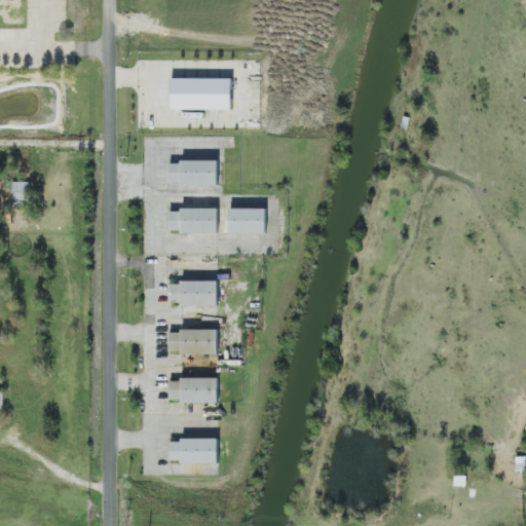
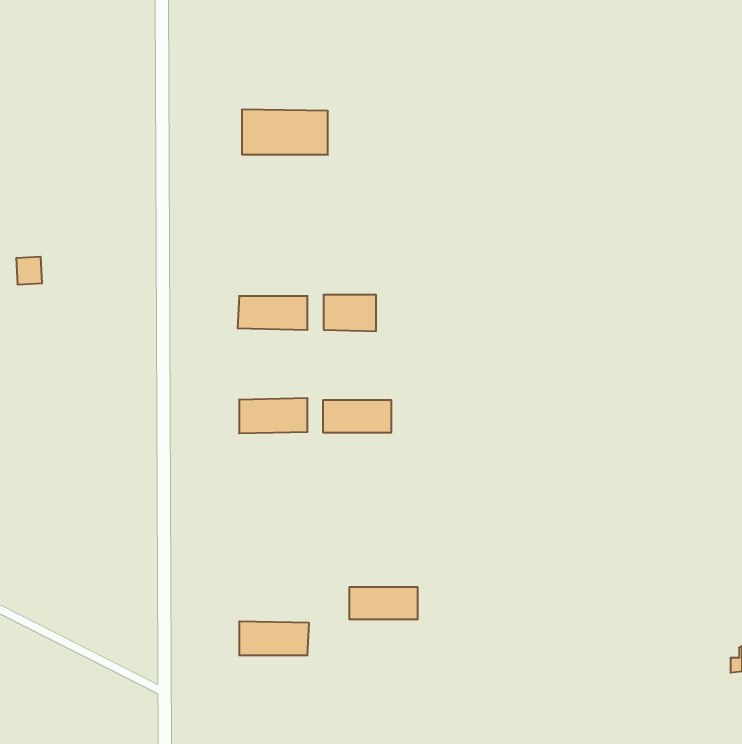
building: [167,160,217,184] -> none
building: [168,330,217,352] -> [323,400,391,432]
building: [168,378,217,401] -> [349,587,418,619]

